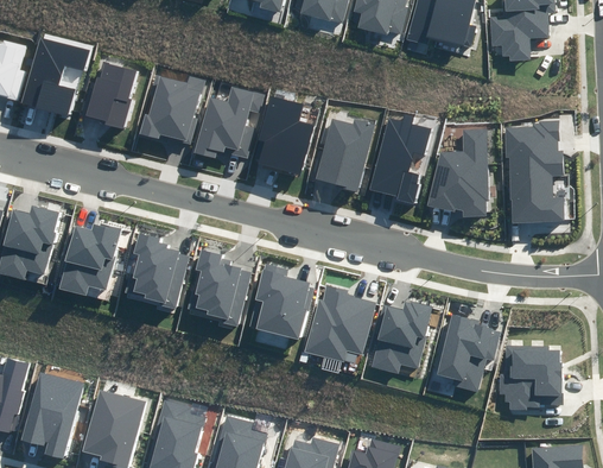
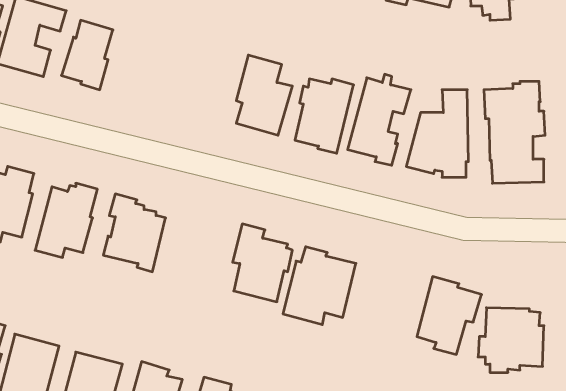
building: [138,75,205,146] -> none
building: [193,86,266,159] -> none
building: [188,249,252,327] -> none
building: [370,301,432,374] -> none

